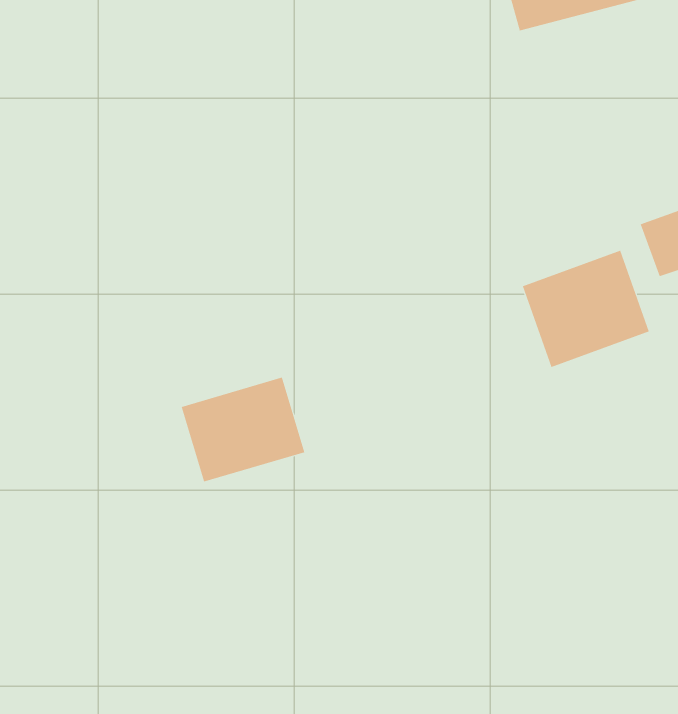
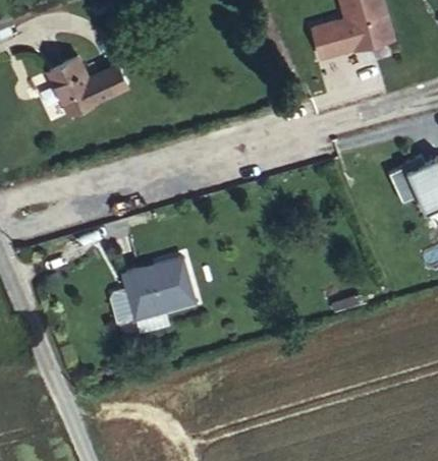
building: none -> [48,60,128,117]
building: [522,250,650,368] -> none

